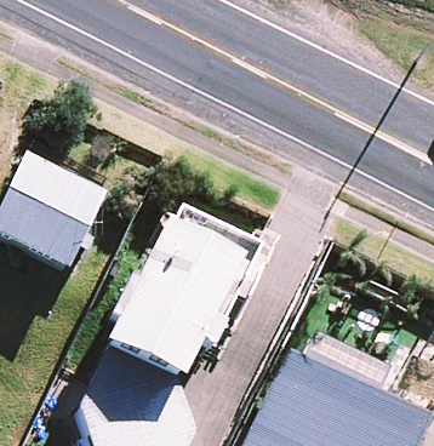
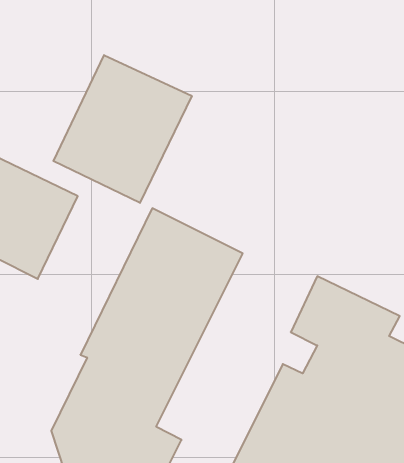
building: none -> [53,55,192,203]

